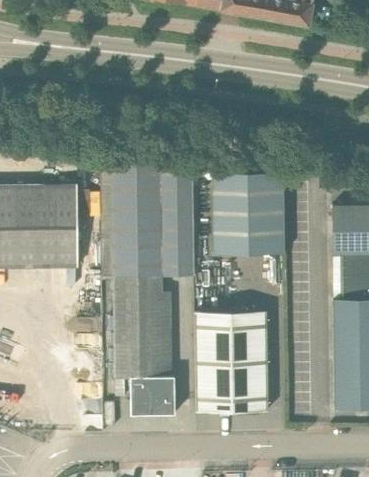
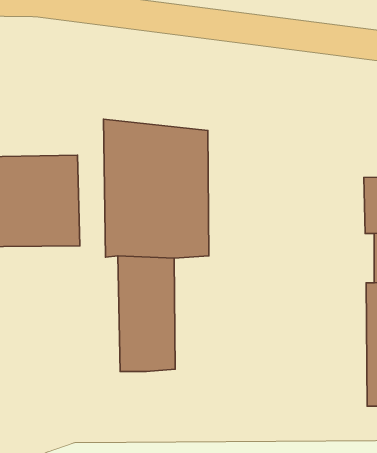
building: [212,171,285,254] -> none
building: [195,311,268,411] -> none
building: [138,376,173,412] -> none

